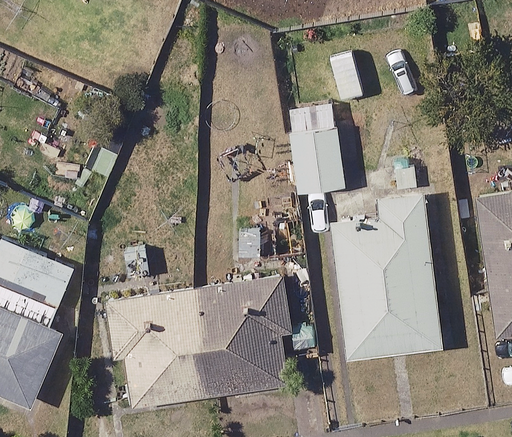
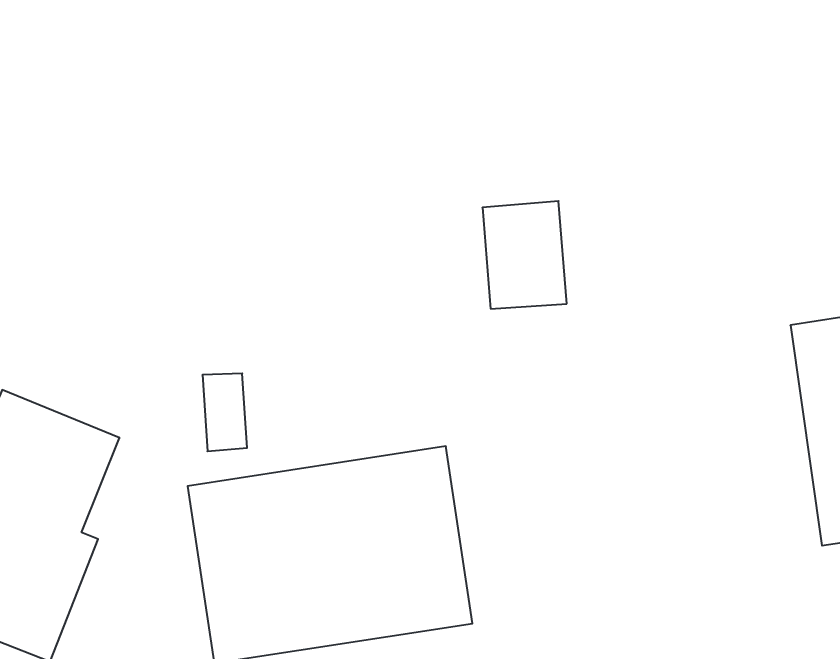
building: [329,193,441,359] -> none

